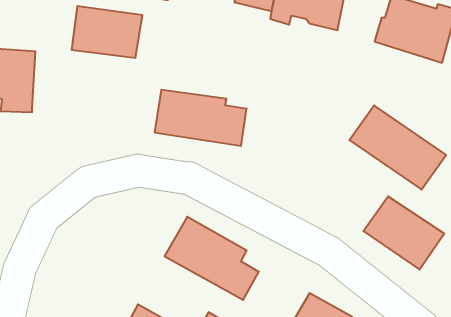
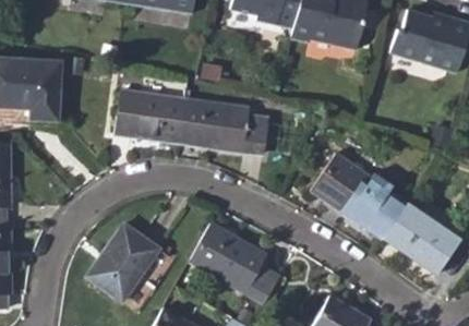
building: [72,6,142,58] -> [117,92,185,142]
building: [349,105,446,190] -> [312,156,406,238]
building: none -> [88,222,161,301]

